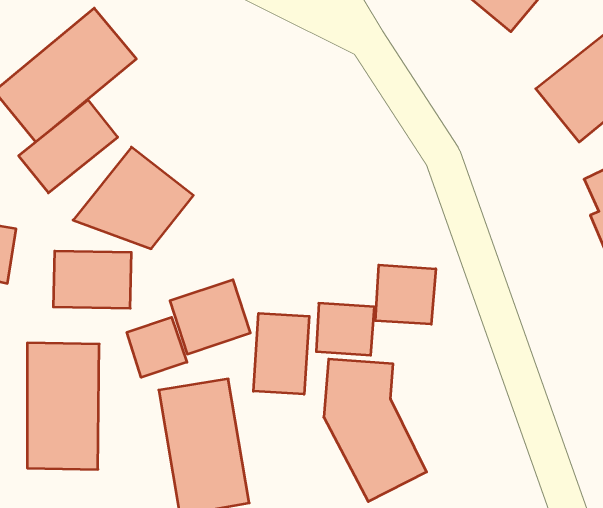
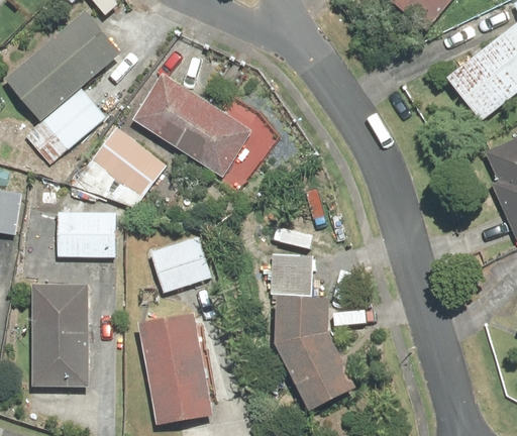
building: none -> [135,76,253,177]
building: [376,265,436,324] -> none
building: [253,313,309,394] -> none
building: [127,317,187,377] -> none

